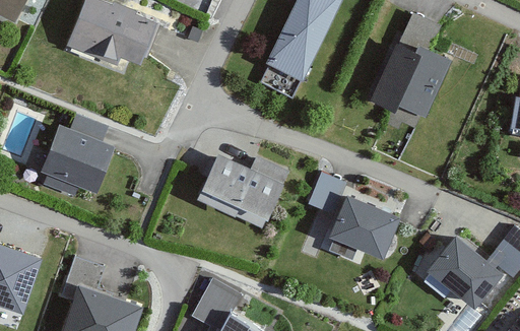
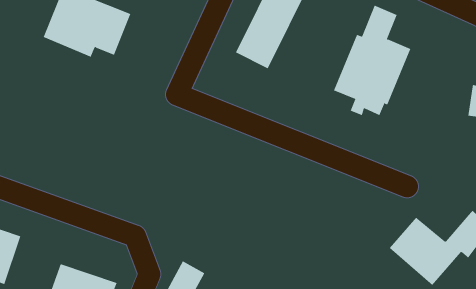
building: [39,116,113,197] -> none
building: [196,155,288,228] -> none
building: [307,174,344,215] -> none
building: [329,197,397,259] -> none

